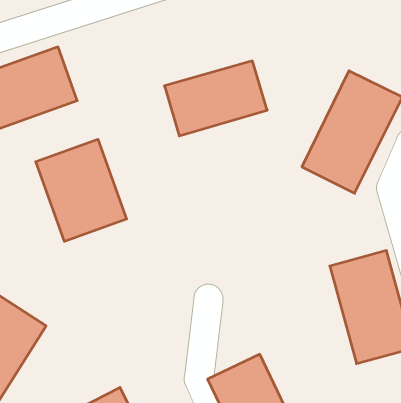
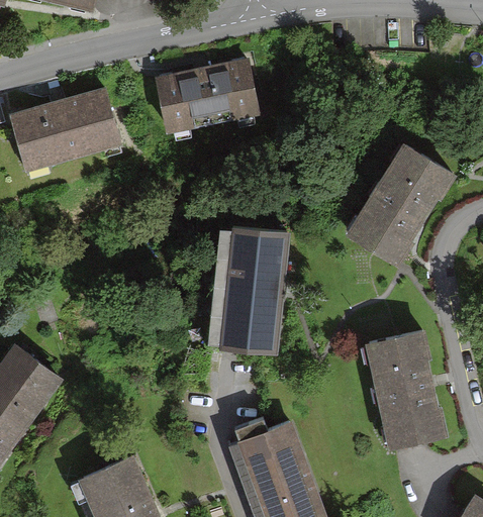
building: [164,61,267,136] -> [155,60,260,131]
building: [36,139,127,241] -> none
building: none -> [216,224,290,354]

